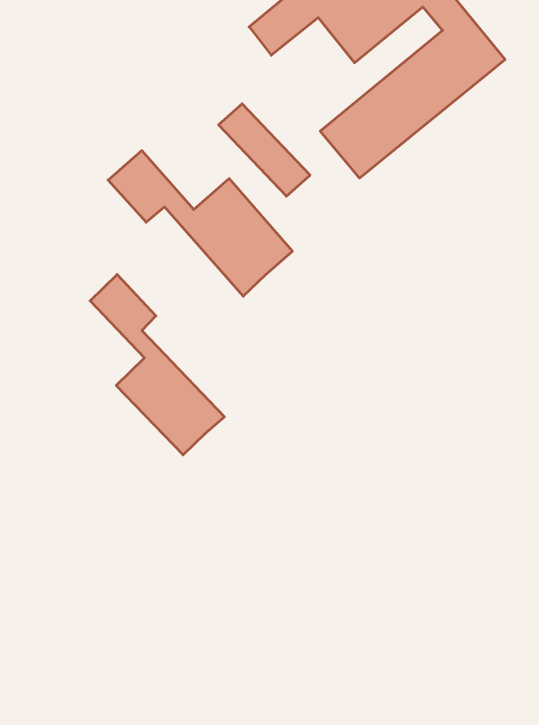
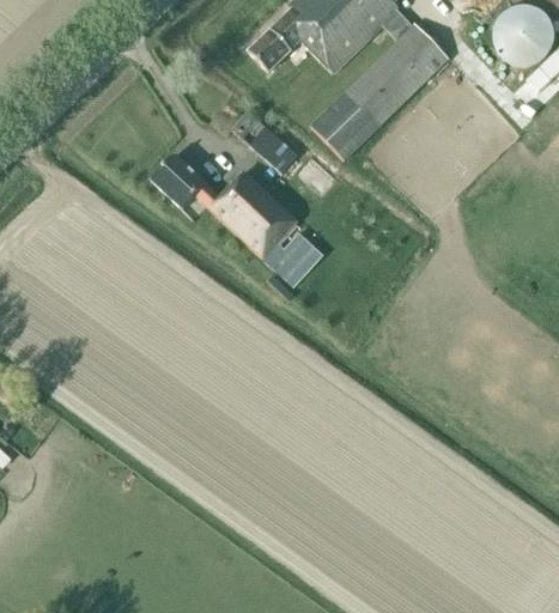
building: none -> [262,232,323,287]
building: [90,274,224,455] -> none

